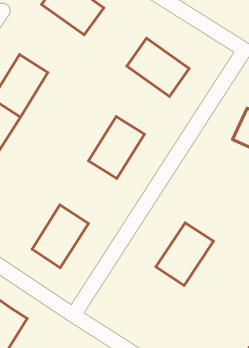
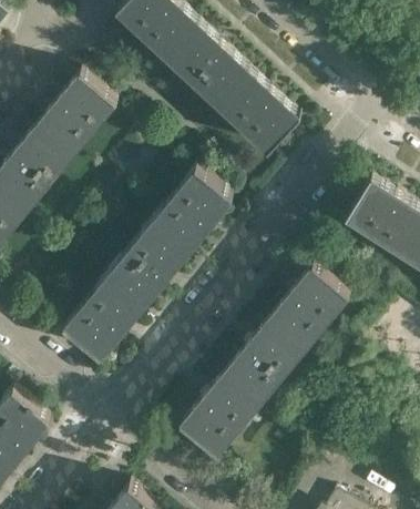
building: none -> [166,29,247,109]
building: none -> [107,226,186,308]
building: none -> [268,269,347,352]
building: none -> [178,376,257,458]

